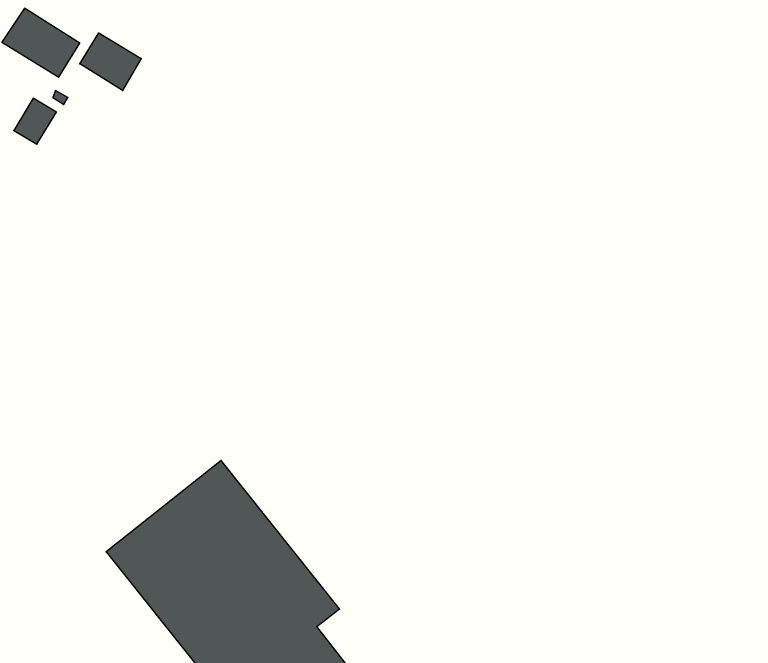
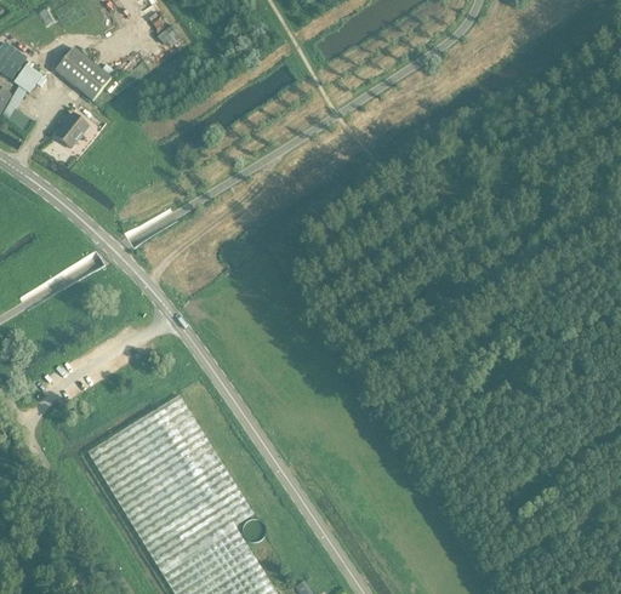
building: [80,33,141,91] -> none

